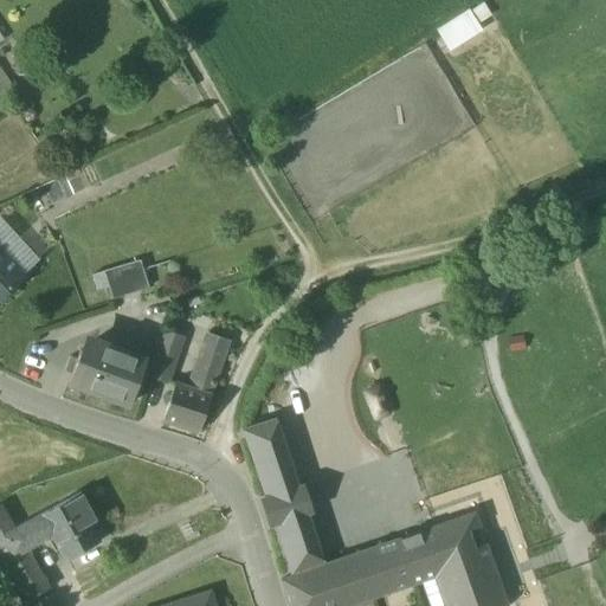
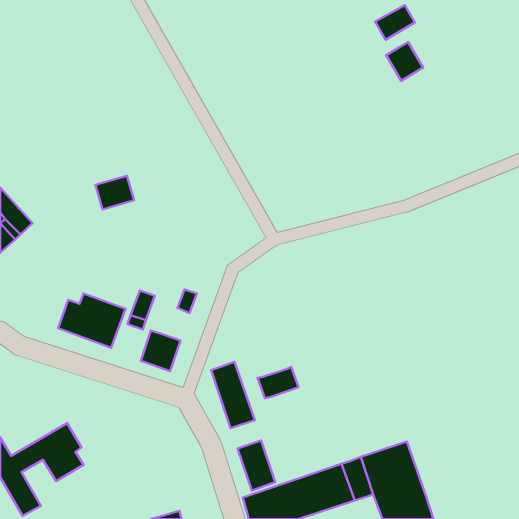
building: none -> [386,42,423,81]
building: [104,258,149,297] -> [95,176,134,209]
building: [192,356,223,395] -> none
building: [264,485,311,522] -> [258,367,298,398]

